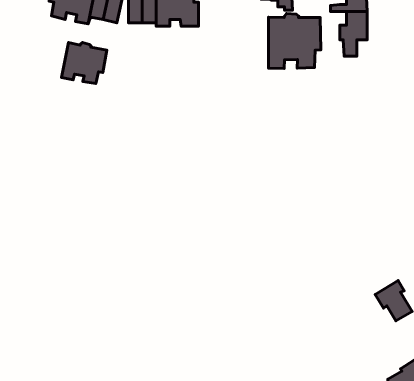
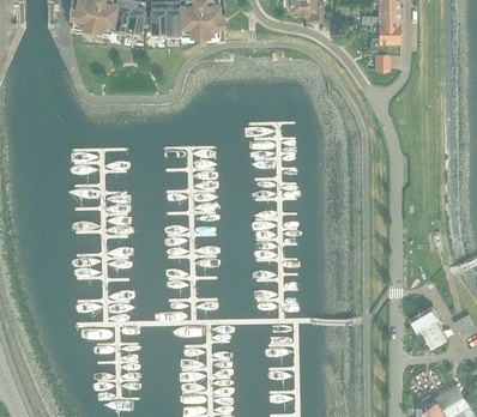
building: [268,13,321,69] -> none
building: [62,42,107,84] -> none

